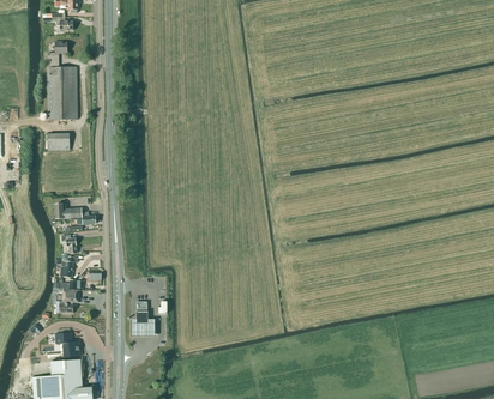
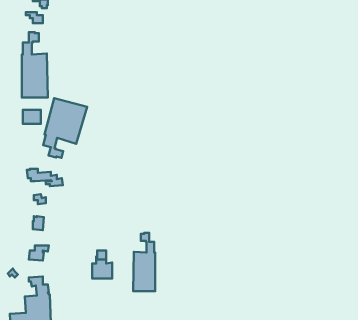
building: none -> [43,98,87,158]
building: none -> [133,233,155,291]

